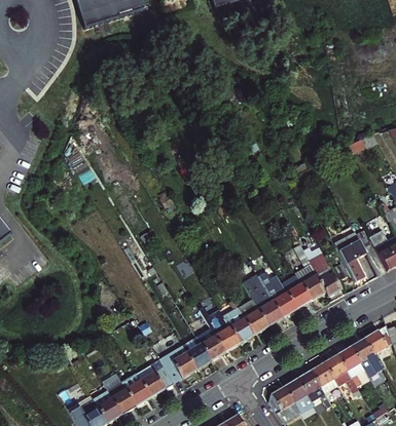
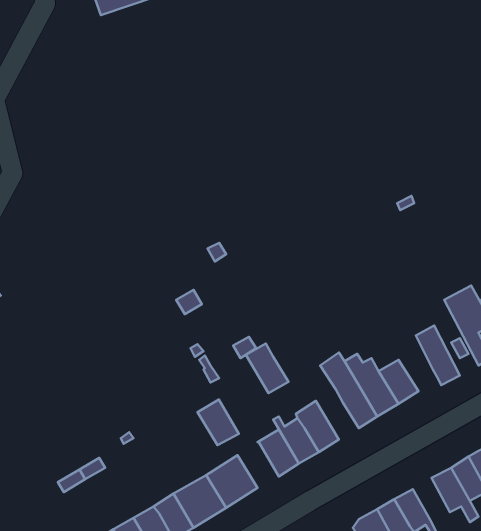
building: [296,248,327,300] -> none
building: [239,299,269,335] -> [246,343,289,393]
building: [182,337,212,370] -> [197,399,239,445]
building: [309,362,335,394] -> none

